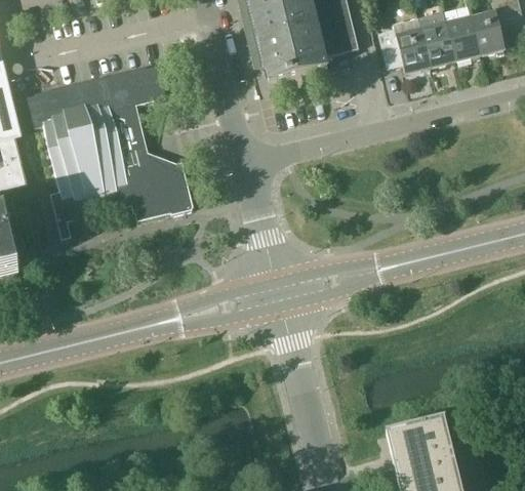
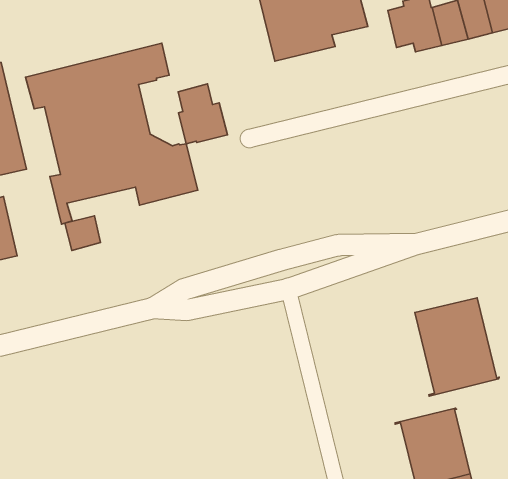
building: none -> [178,84,227,144]
building: none -> [65,216,101,250]
building: none -> [415,298,499,396]

